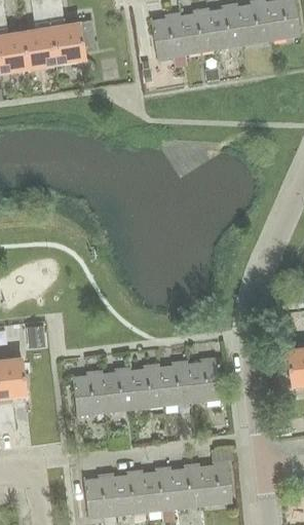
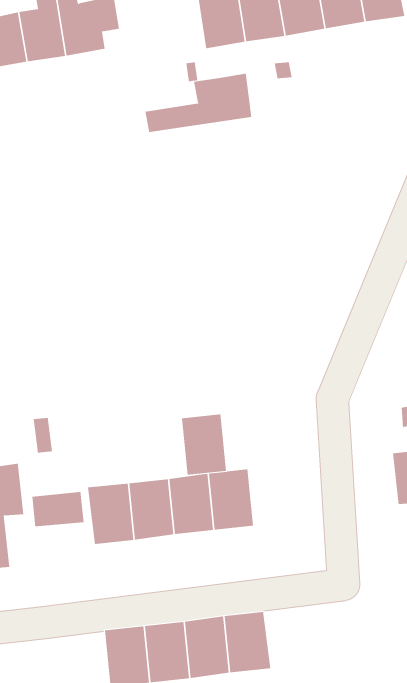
building: none -> [145,73,252,133]
building: [187,358,220,402] -> [181,414,227,475]
building: none -> [32,491,84,527]
building: [198,460,232,504] -> none

